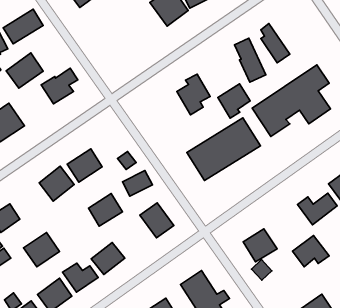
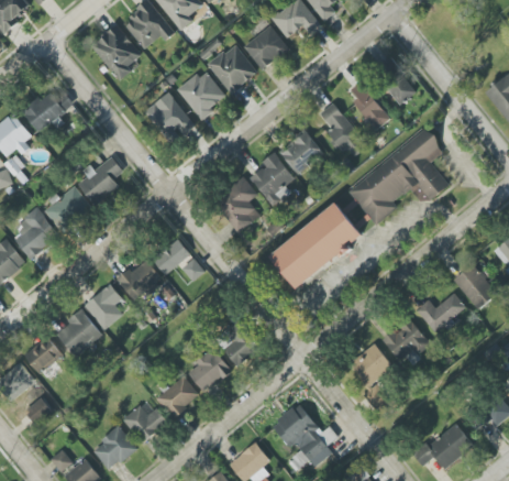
building: none -> [178,69,224,120]
building: none -> [380,59,417,105]
building: none -> [145,91,195,143]
building: [6,53,43,88] -> [44,185,91,231]
building: [218,84,250,118] -> [279,130,321,175]
building: none -> [213,177,261,232]
building: [122,170,152,196] -> [153,239,191,273]
building: [88,194,123,226] -> [187,348,231,391]
building: [24,232,60,267] -> [55,309,101,354]
building: [292,236,329,267] -> [384,319,431,360]

